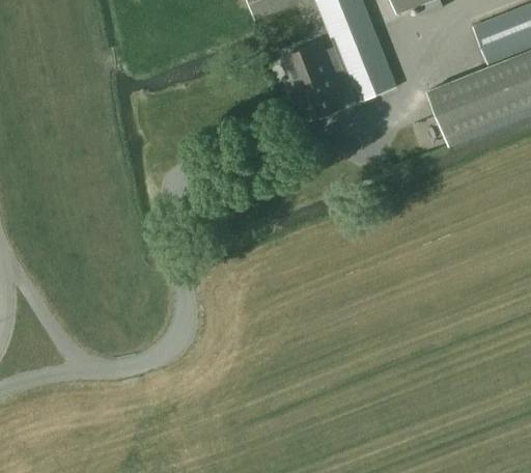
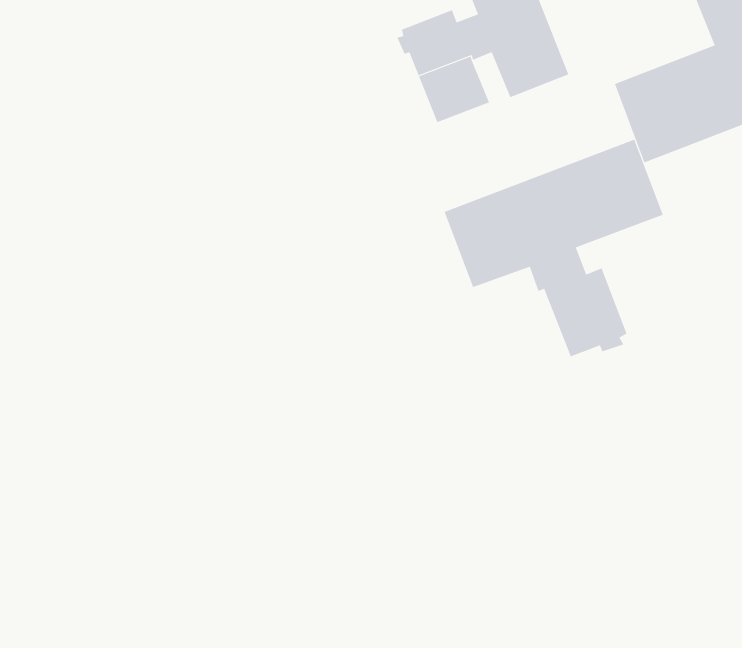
building: none -> [444,139,664,357]

